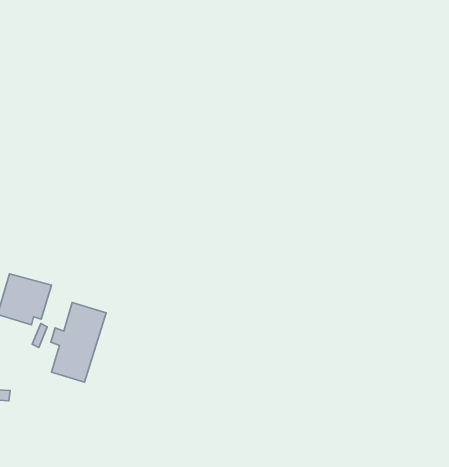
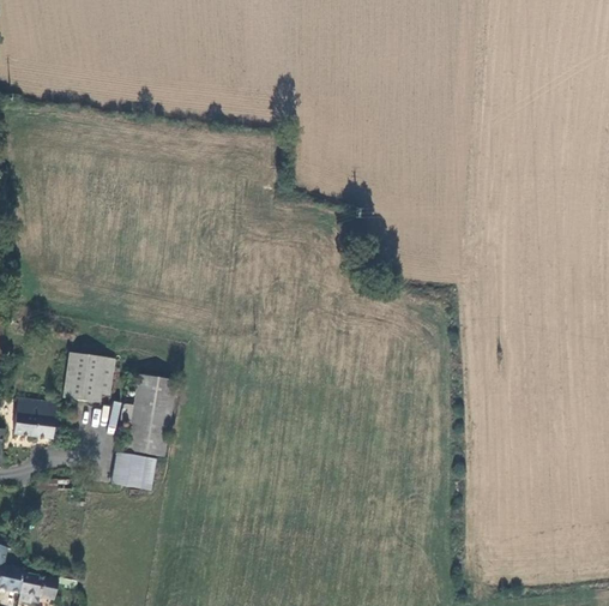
building: none -> [111,454,155,487]

